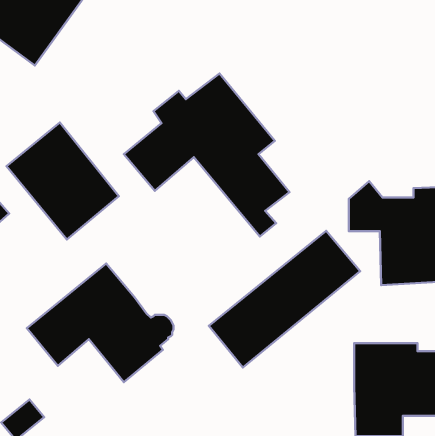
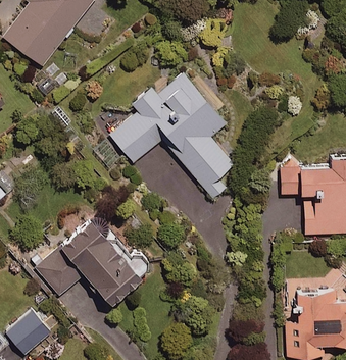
building: [7,123,119,239] -> none
building: [209,231,360,367] -> none

